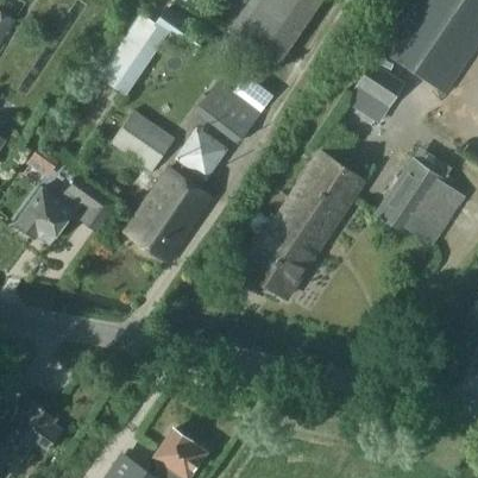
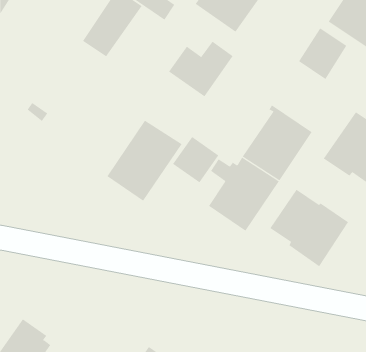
building: [111,111,172,175] -> none
building: [175,126,229,181] -> [172,136,219,183]
building: [17,175,114,244] -> none
building: none -> [270,189,349,267]

